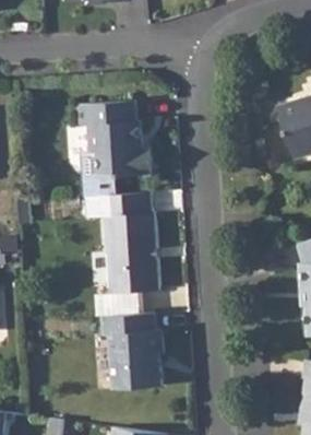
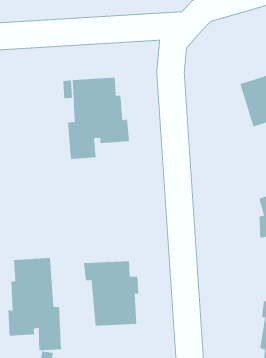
building: [80,193,157,293] -> none
building: none -> [8,257,61,351]

